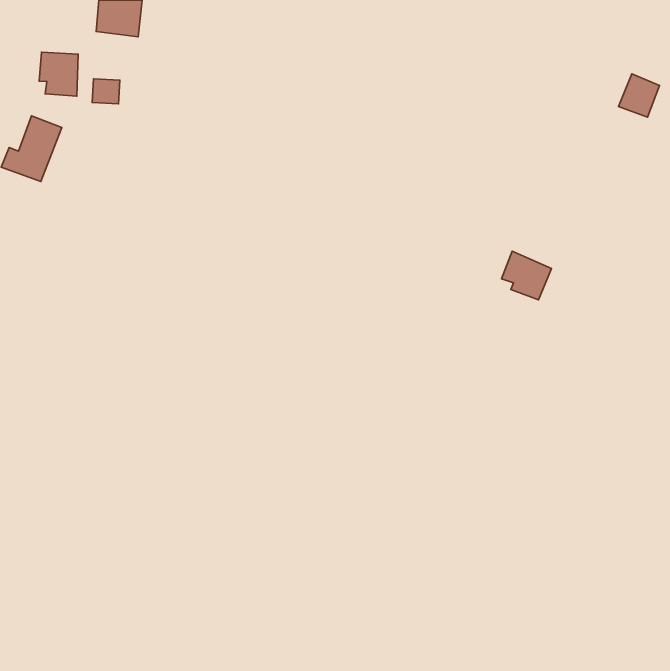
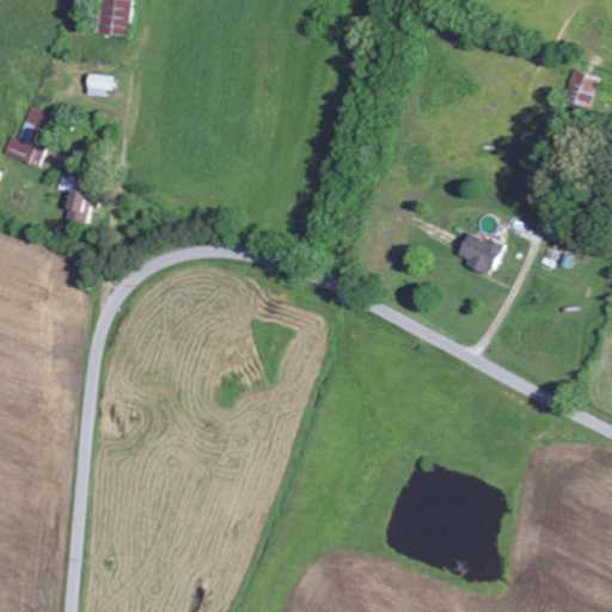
building: [39,52,78,96] -> none
building: none -> [62,189,96,225]

